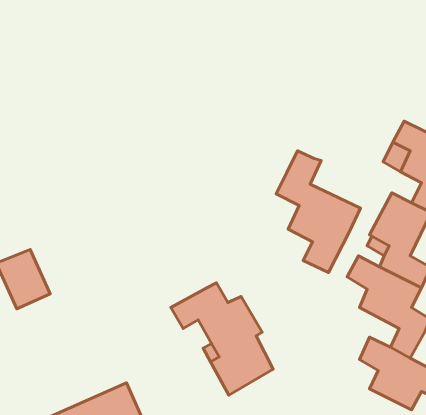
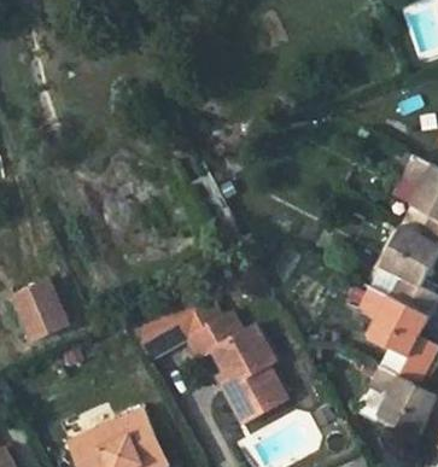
building: [276,151,361,273] -> none
building: none -> [128,294,221,361]

